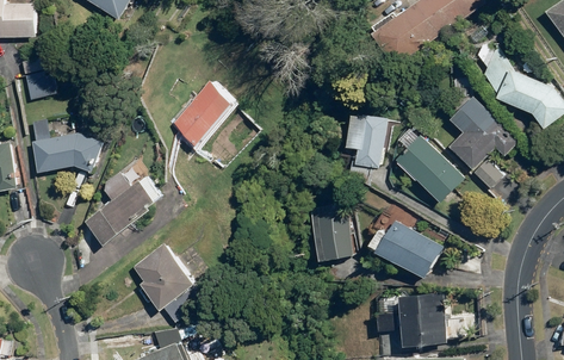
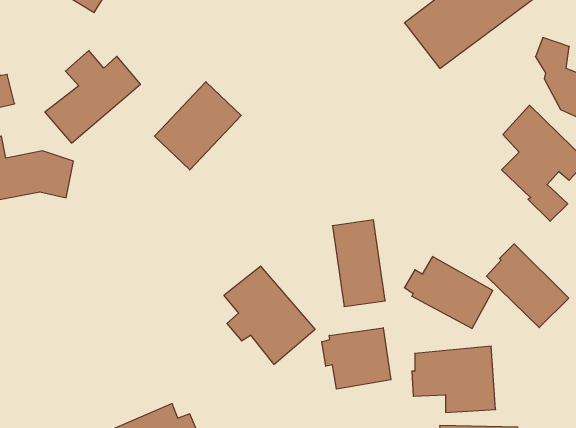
building: [343,106,396,186] -> none
building: [397,136,464,204] -> [486,244,569,328]
building: [82,172,160,247] -> [45,50,140,143]
building: [130,242,204,322] -> [224,266,315,364]
building: none -> [322,328,391,389]

